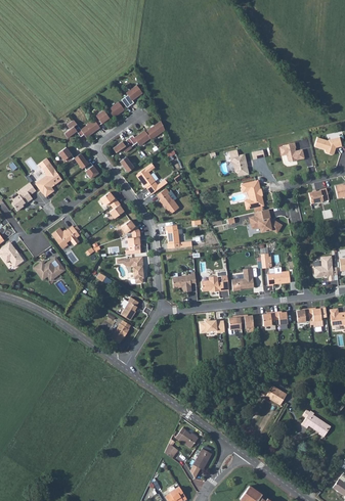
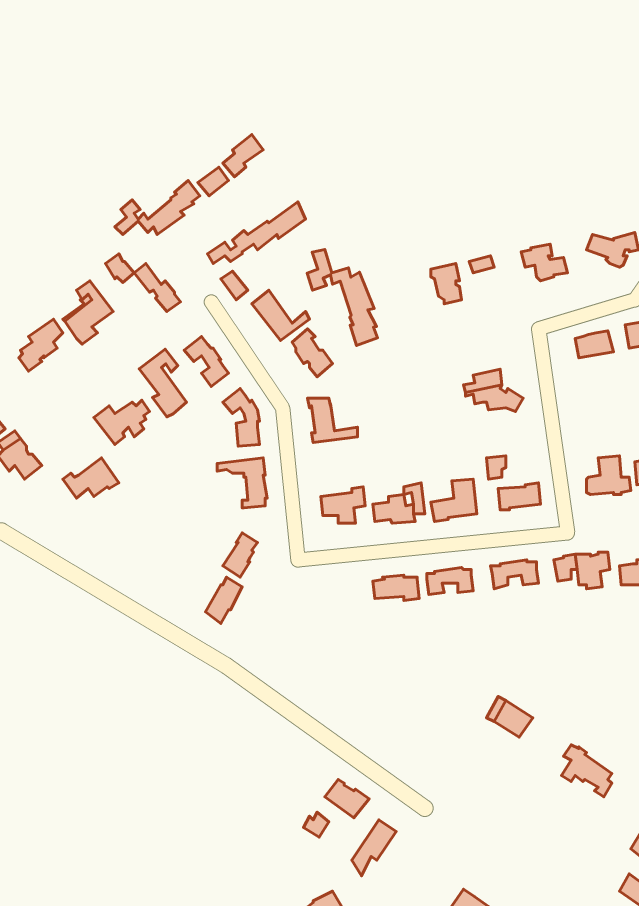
building: none -> [307,250,378,346]
building: [241,181,263,210] -> none
building: none -> [139,349,186,417]

